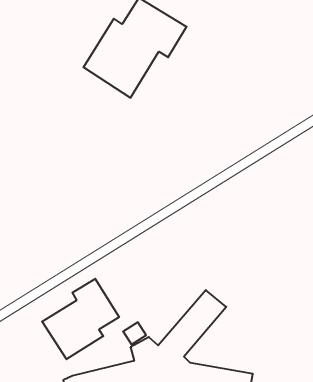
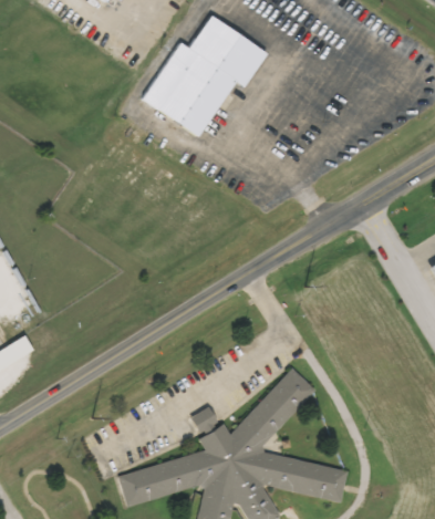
building: [42,279,119,359] -> none

